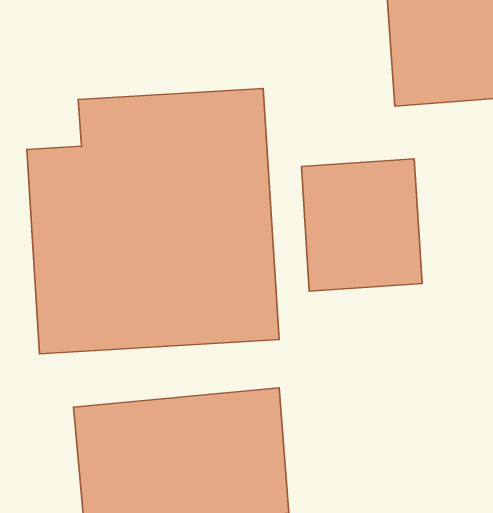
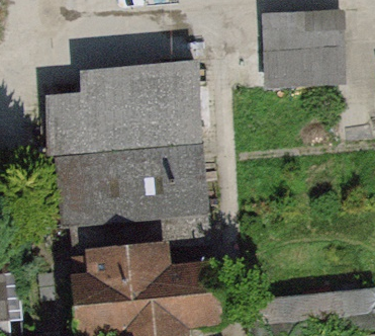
building: [301,159,422,291] -> none

